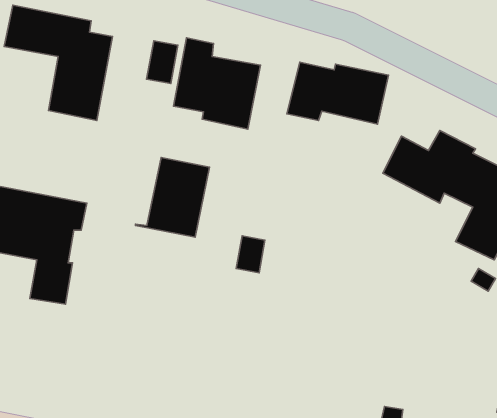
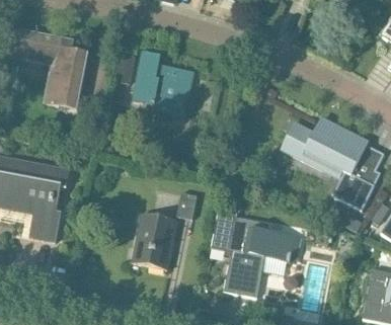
building: [287,62,388,124] -> none
building: [135,157,209,237] -> [124,213,176,269]
building: none -> [211,189,295,298]

